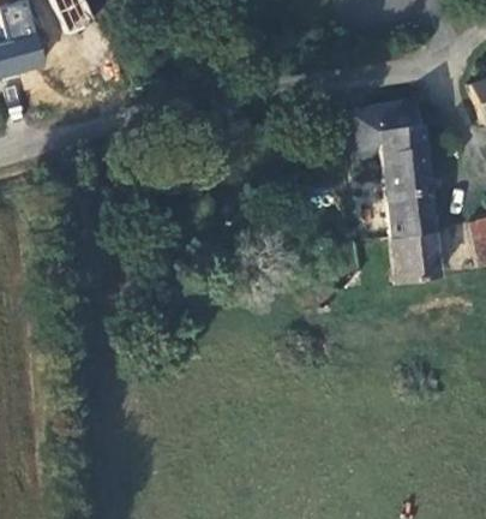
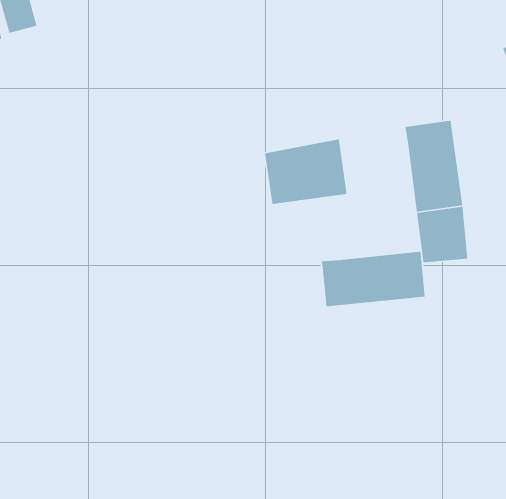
building: [347,97,424,159] -> [264,138,347,205]
building: none -> [321,251,425,307]

